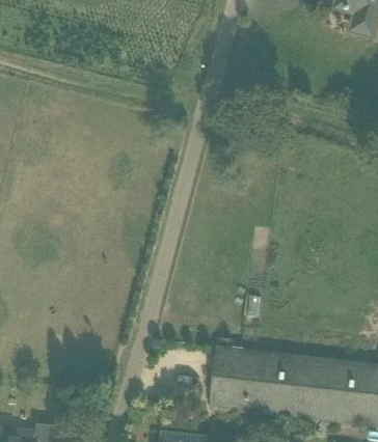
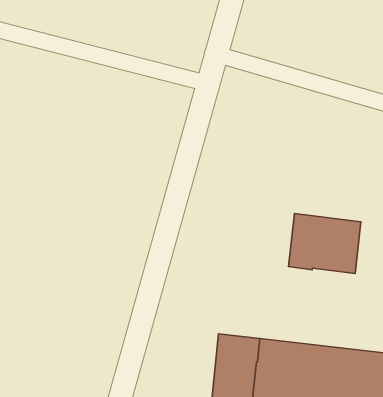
building: none -> [288,214,361,273]

